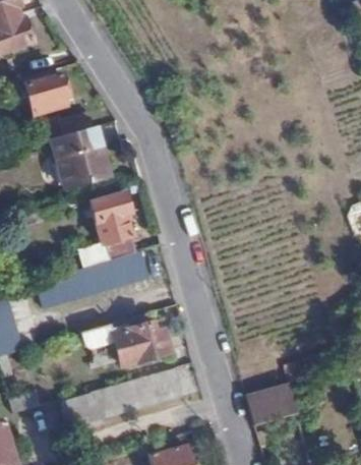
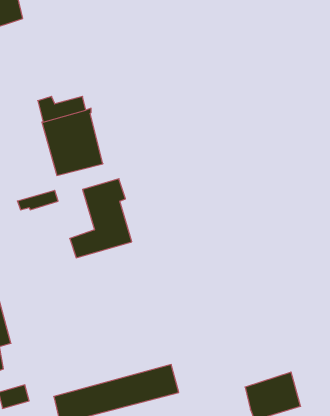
building: [26,70,69,114] -> none
building: [39,251,151,309] -> none
building: [112,313,171,366] -> none

